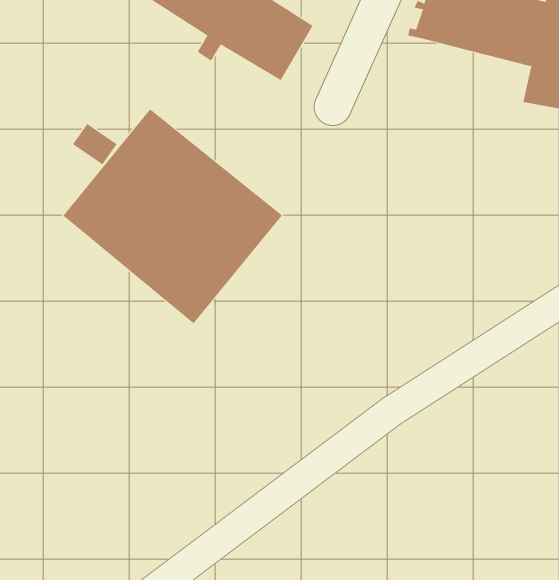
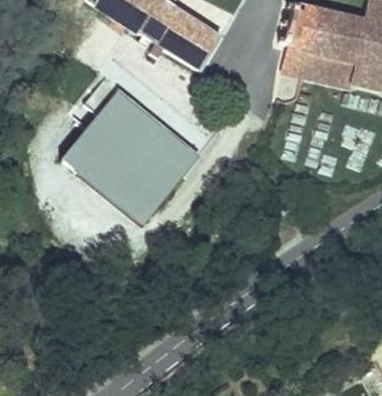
building: none -> [282,45,355,88]

